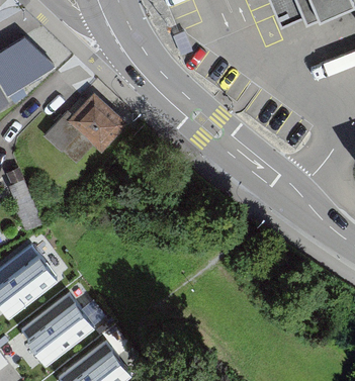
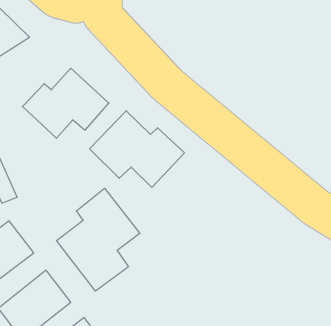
building: none -> [90,111,184,187]
building: none -> [57,188,140,291]

